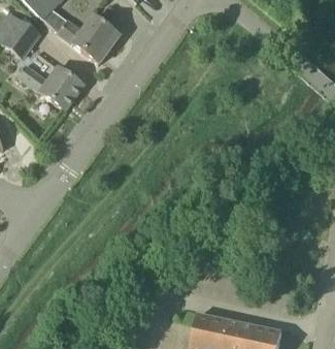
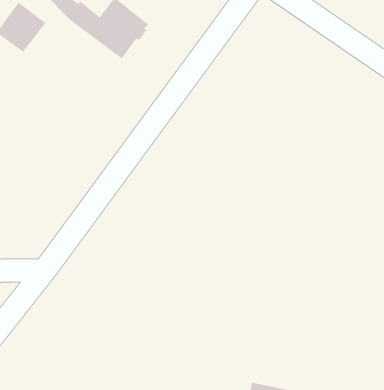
building: [18,64,82,109] -> none

